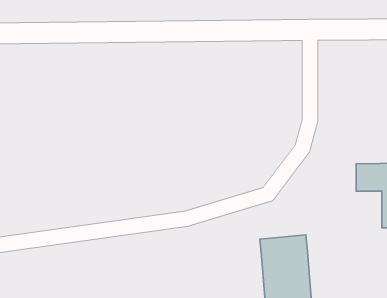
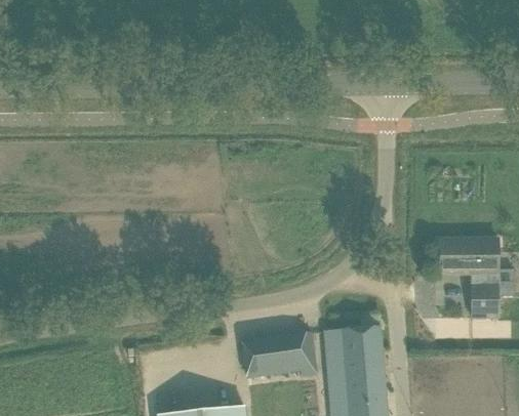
building: none -> [243,332,318,378]

